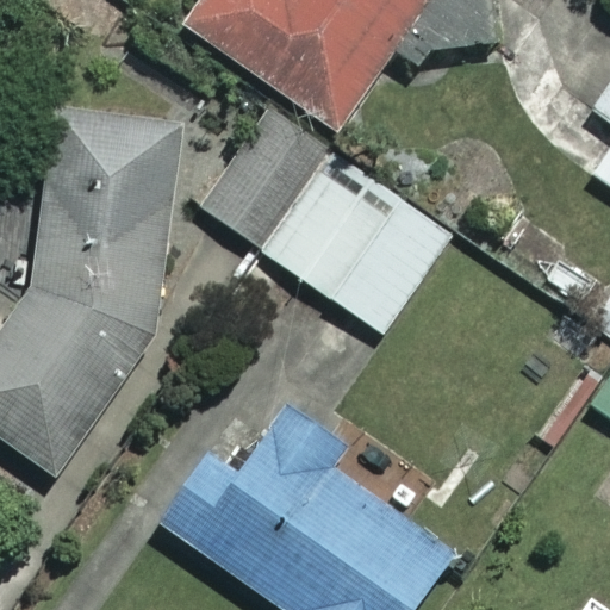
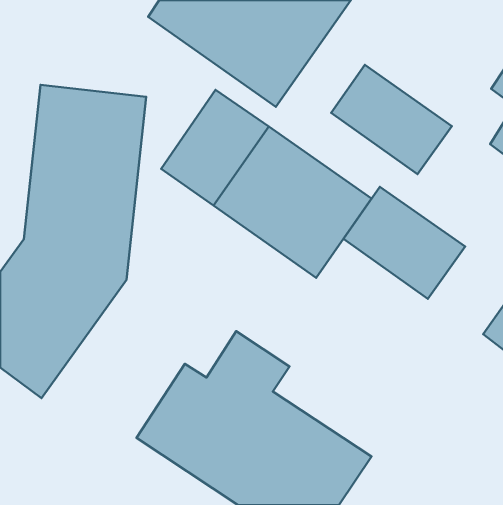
building: none -> [331,65,452,174]
building: none -> [344,187,465,299]

